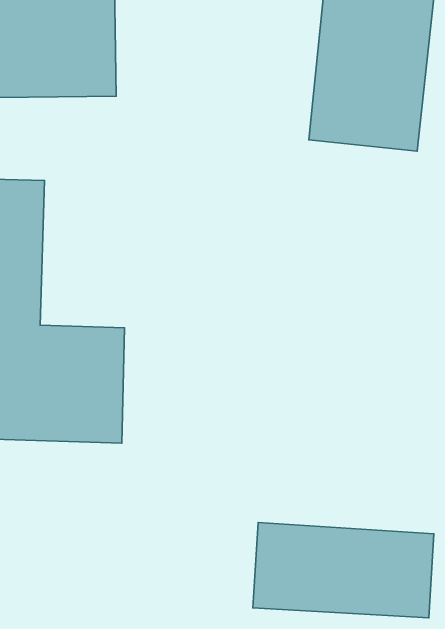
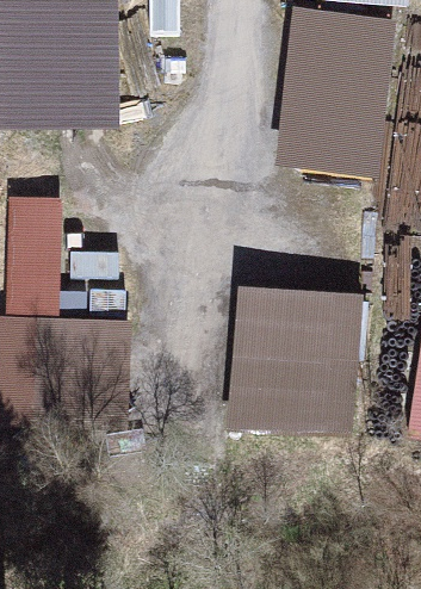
building: none -> [235,287,359,429]
building: [253,523,434,618] -> none

